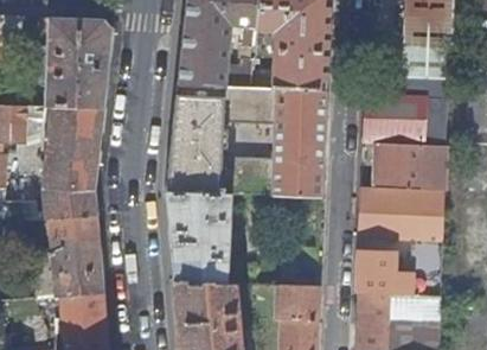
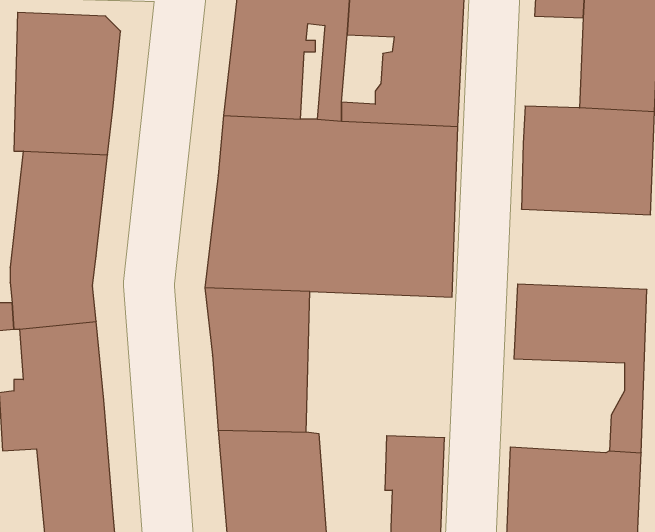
building: [373,144,422,186] -> none
building: [358,253,418,295] -> none

